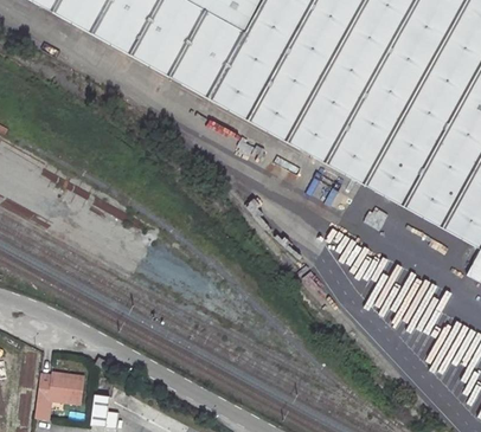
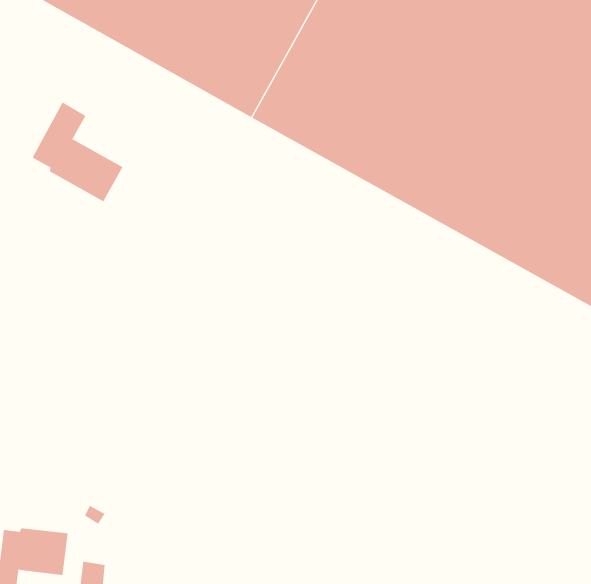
building: none -> [32,101,123,202]

